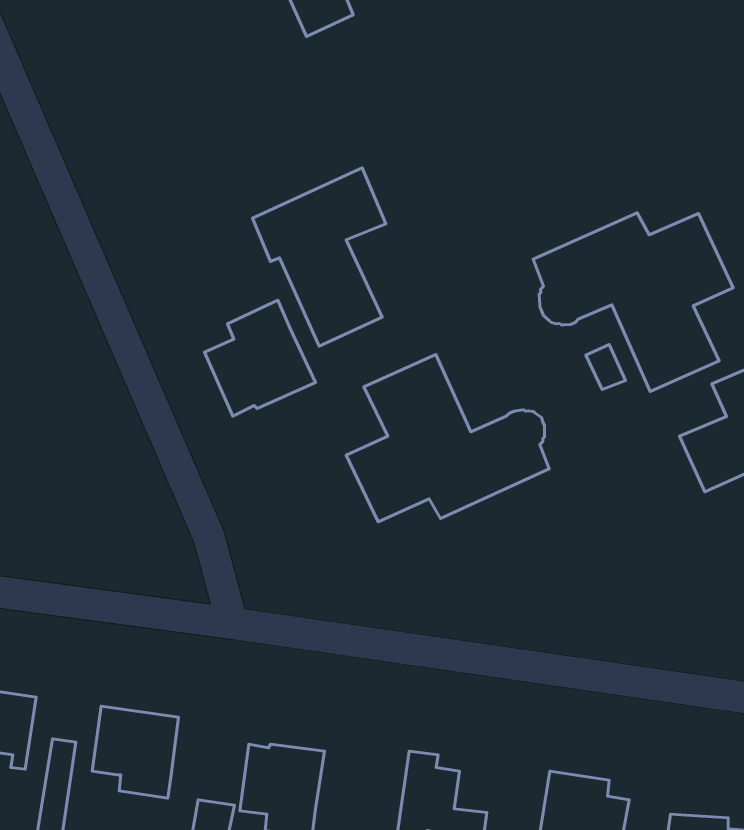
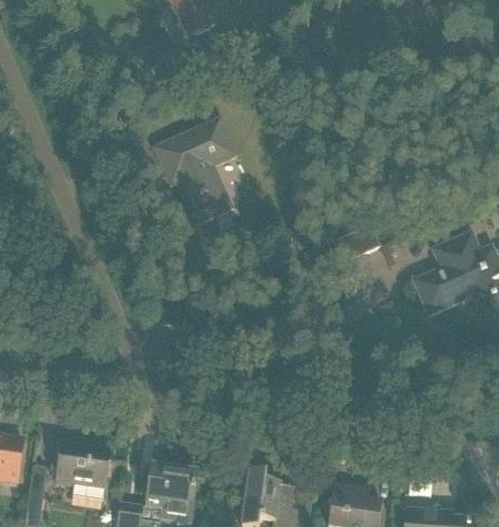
building: [533,213,733,391] -> none
building: [205,300,316,416] -> none
building: [346,354,549,522] -> none

